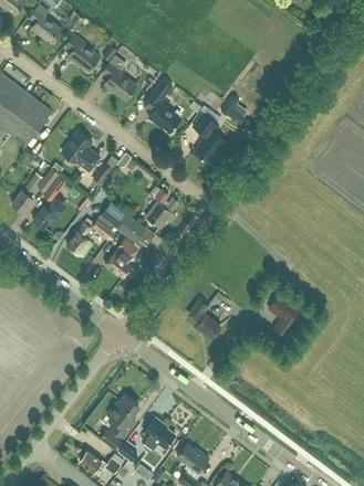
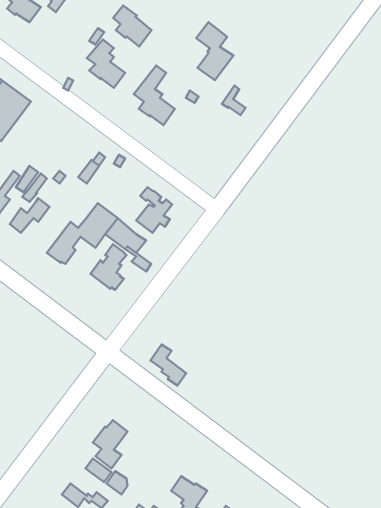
building: [64,34,98,71] -> [113,6,152,46]
building: [191,112,225,163] -> [196,22,233,80]
building: [61,130,100,171] -> none
building: [268,295,302,337] -> none
building: [187,300,219,337] -> [150,345,186,385]
building: [142,418,174,448] -> none

